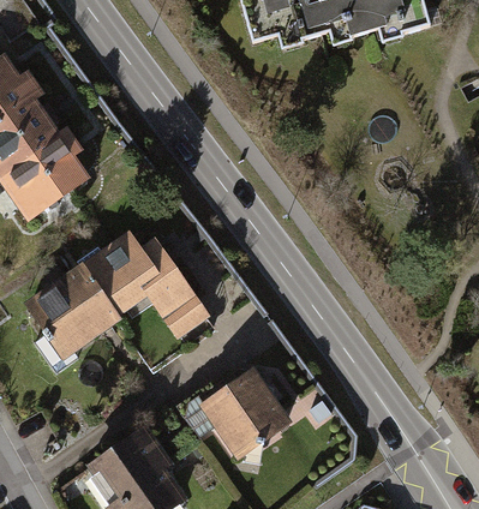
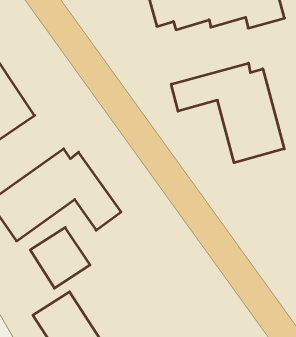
building: none -> [171,63,284,163]
building: [196,370,282,457] -> [30,227,90,288]

